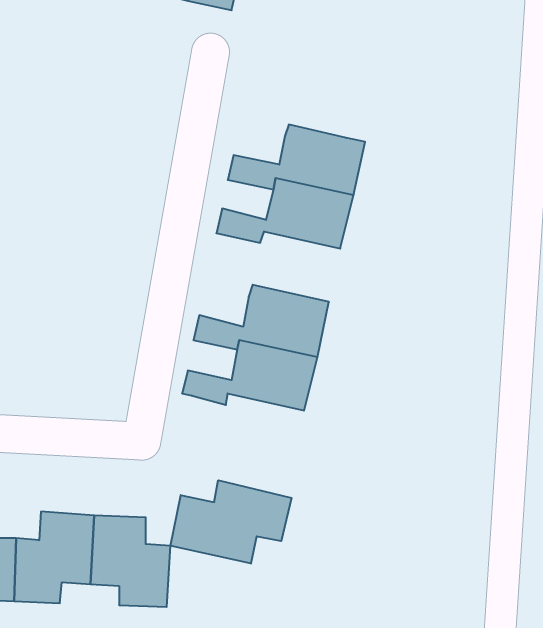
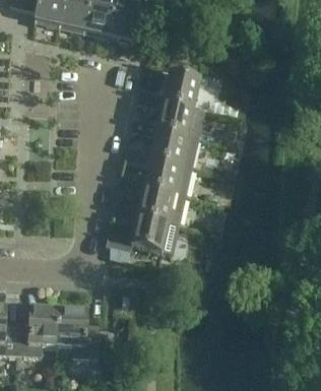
building: none -> [137,70,200,107]
building: none -> [118,156,190,194]
building: [171,480,292,564] -> none

